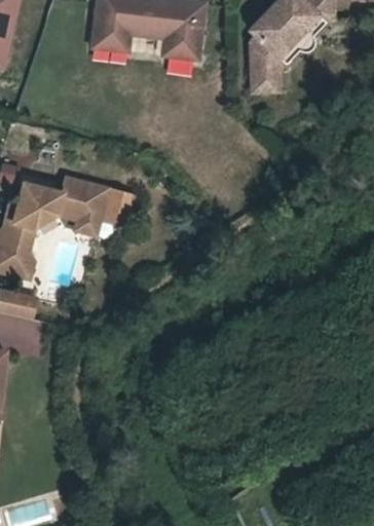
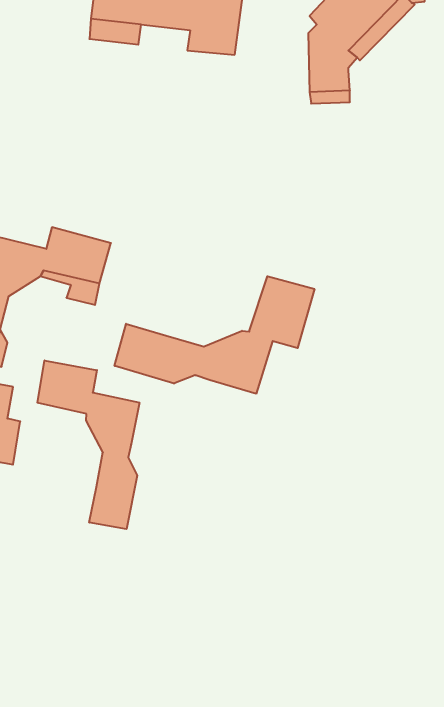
building: none -> [115,276,314,394]
building: none -> [37,360,139,529]

